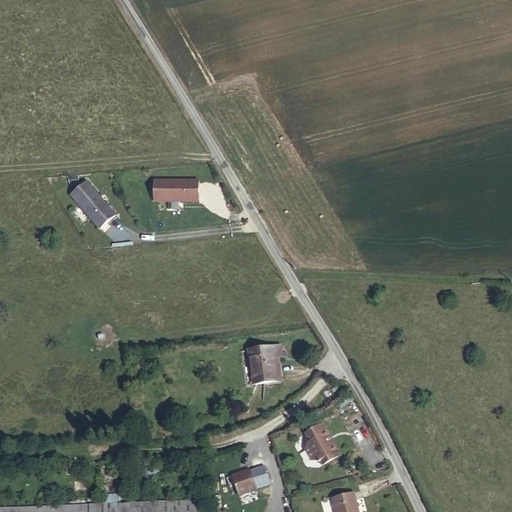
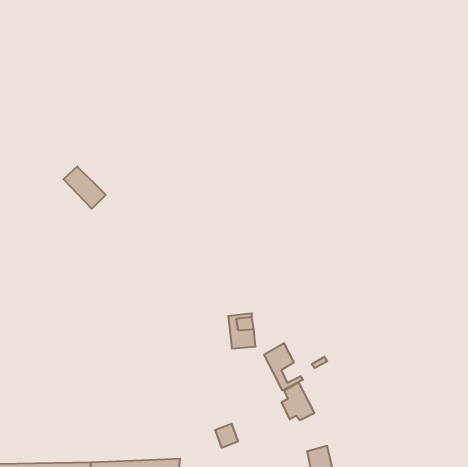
building: [151,182,196,205] -> none
building: none -> [264,343,303,390]

